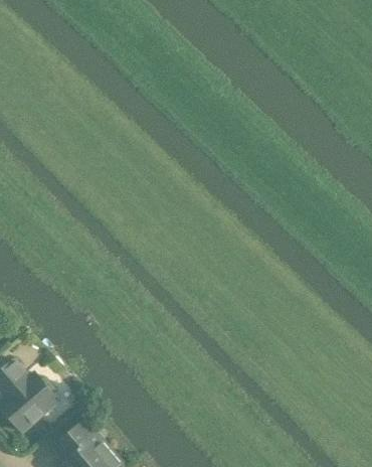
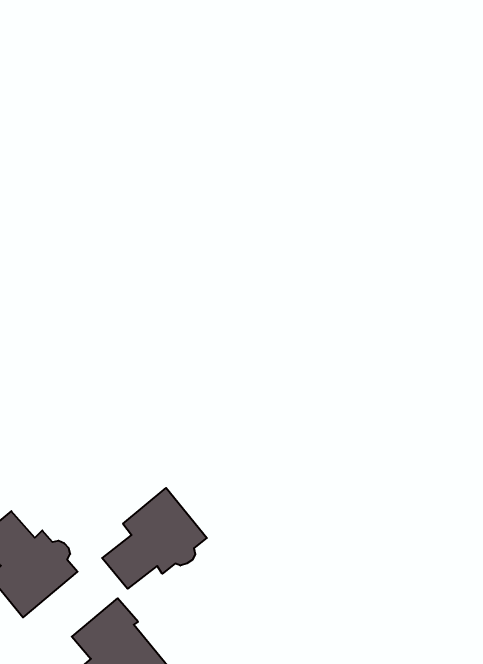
building: none -> [102,488,207,589]

